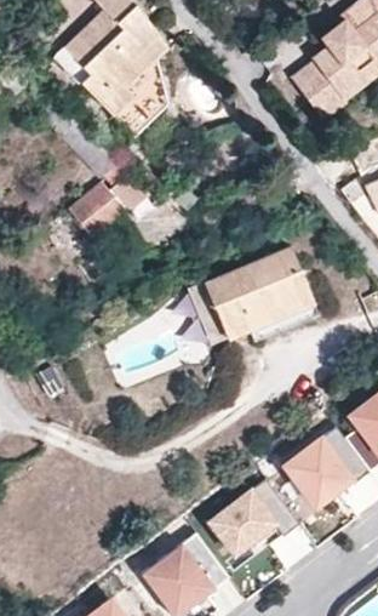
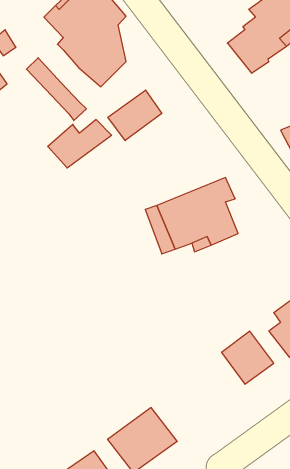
building: none -> [108,90,162,141]
building: [208,478,298,555] -> none

